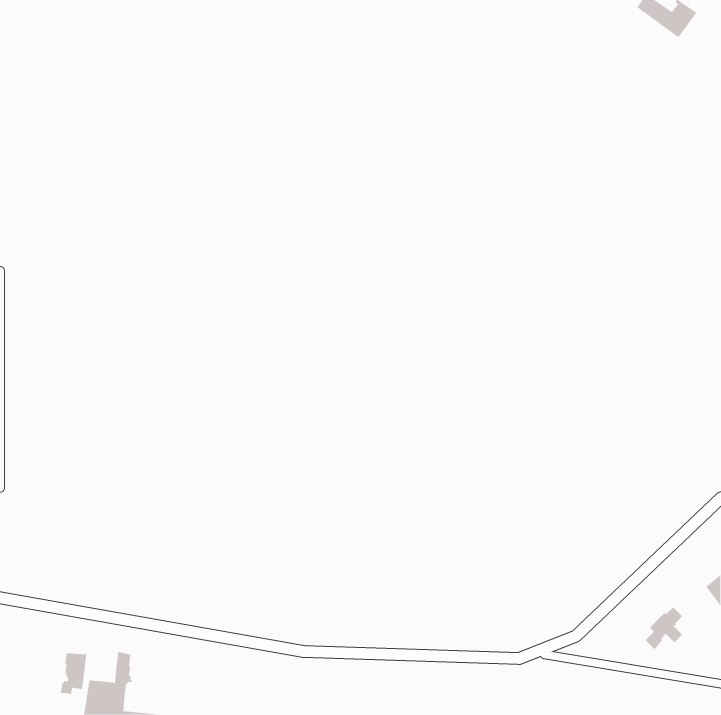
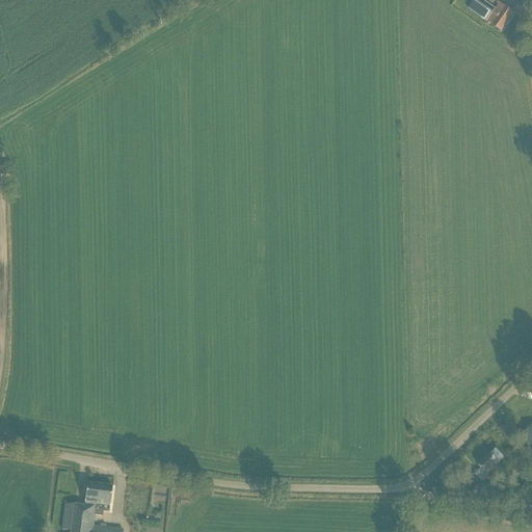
building: [60,653,87,695] -> [92,482,112,513]

